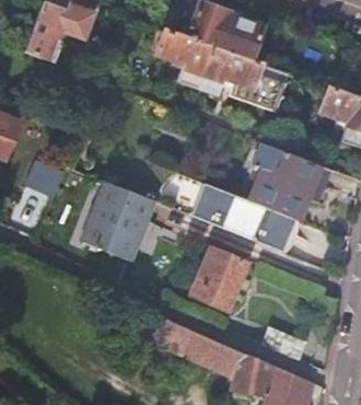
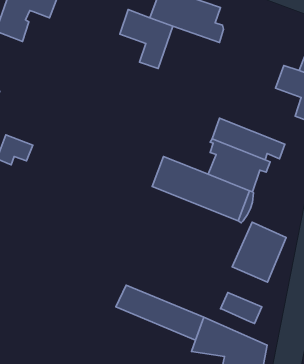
building: [197,46,284,112] -> none
building: [82,183,154,263] -> none
building: [190,248,247,312] -> [232,222,286,282]

